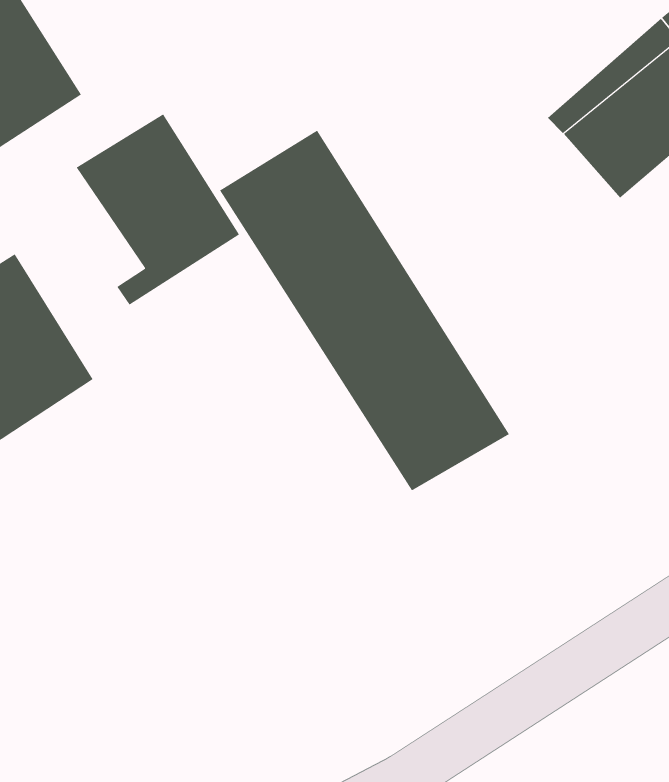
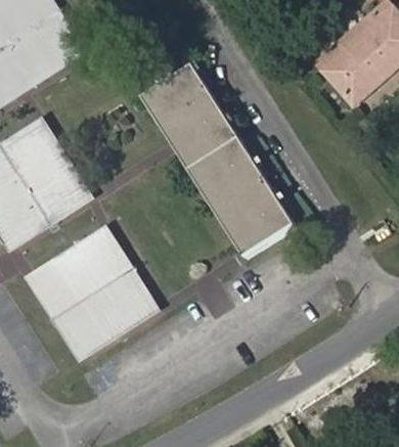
building: [76,113,240,305] -> none
building: none -> [39,243,144,350]

